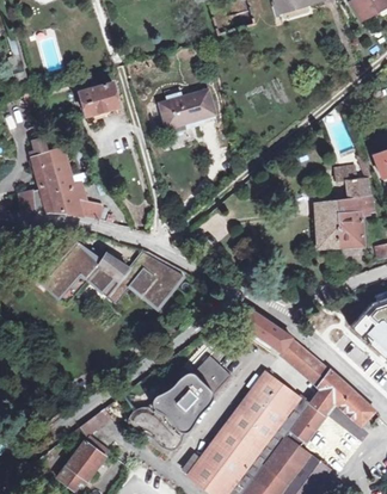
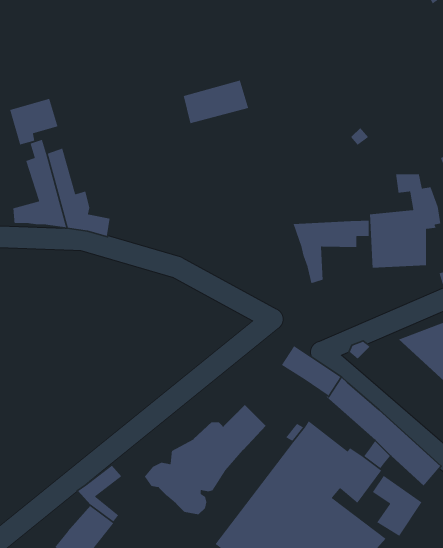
building: [80,82,121,122] -> [9,98,58,145]
building: none -> [292,220,370,284]
building: [49,248,182,303] -> none

